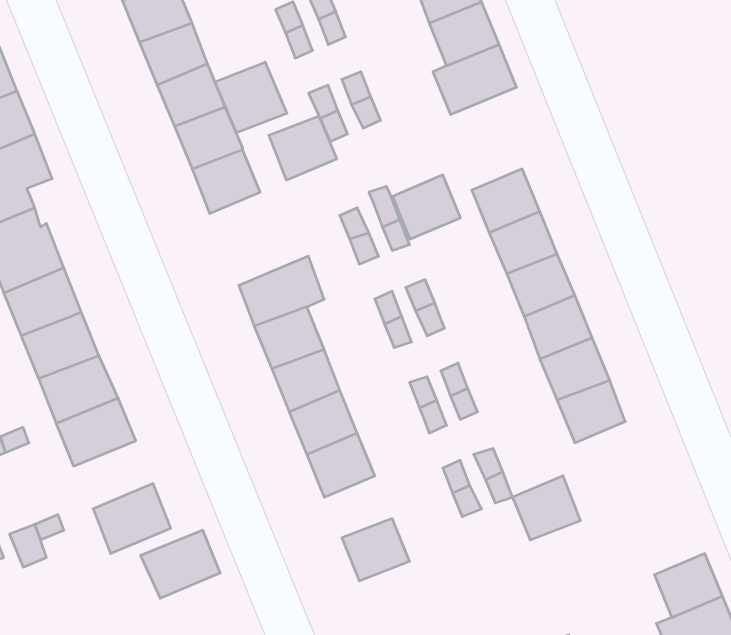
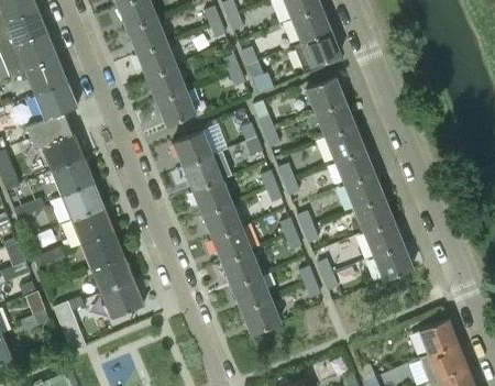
building: [215,62,287,133] -> none
building: [269,116,337,180] -> [173,131,211,167]
building: [392,175,460,239] -> [305,77,343,113]
building: none -> [231,275,270,310]
building: [513,476,581,540] -> [373,244,411,280]
building: [141,530,220,598] -> [89,255,134,294]

